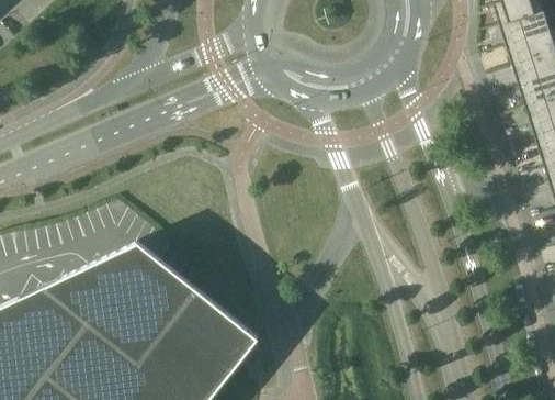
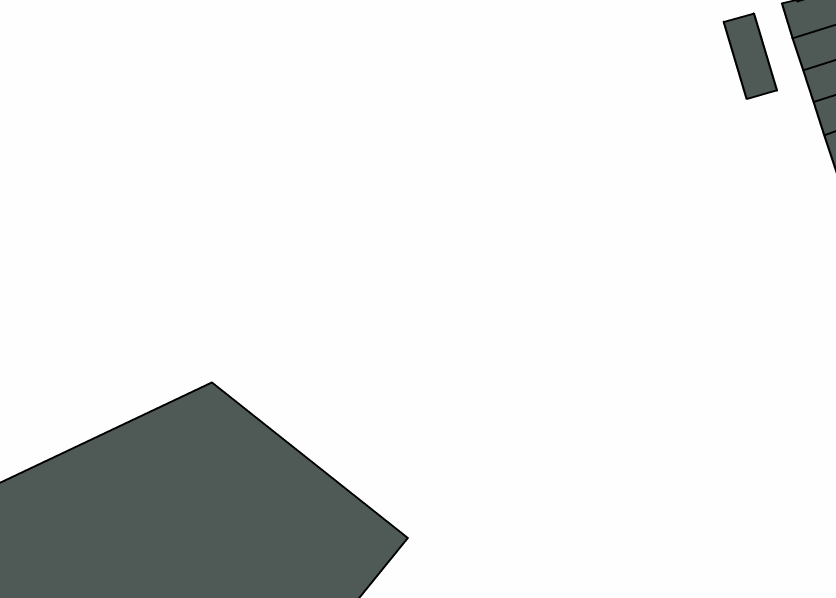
building: none -> [724,13,777,99]

